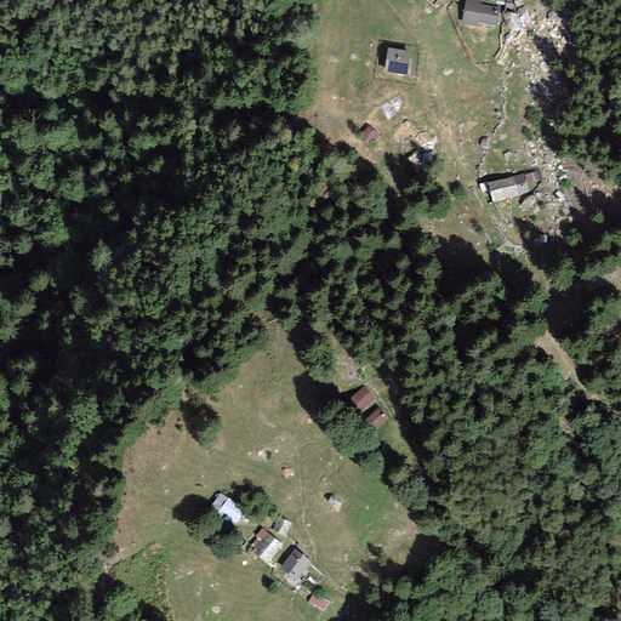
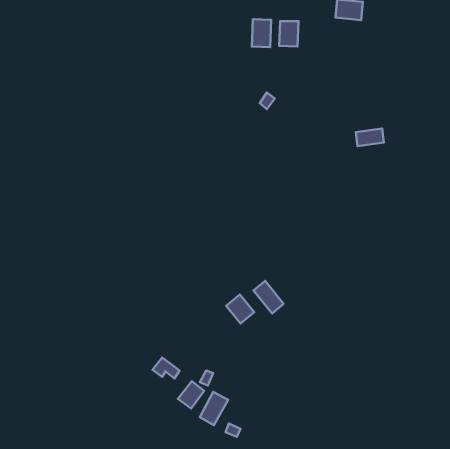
building: none -> [252,19,271,47]
building: none -> [226,295,254,323]

